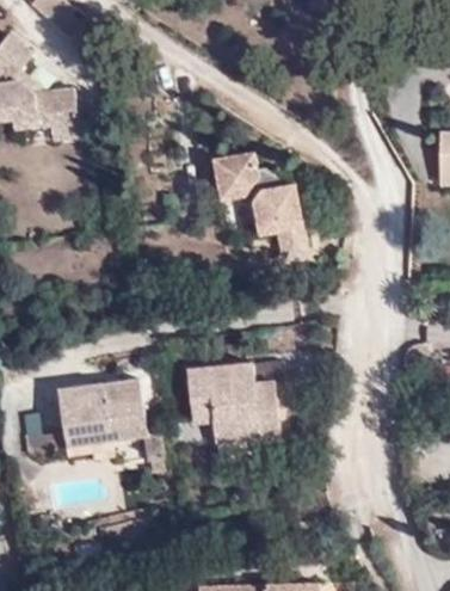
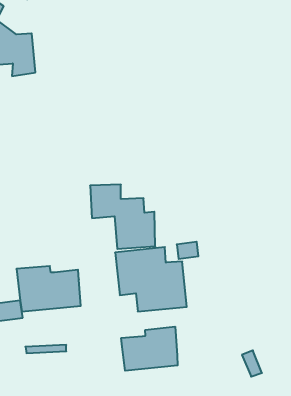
building: [220,158,306,242] -> [90,185,155,249]
building: none -> [121,327,178,371]

